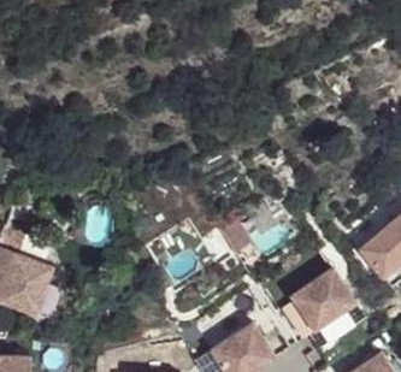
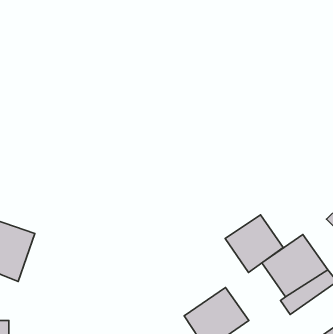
building: none -> [225,215,283,272]

